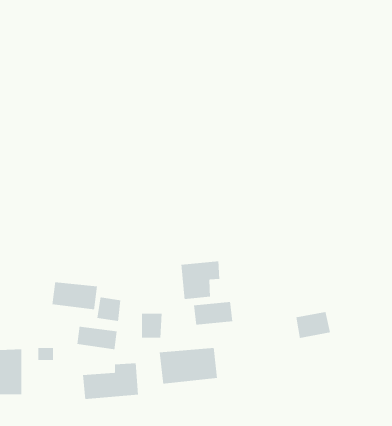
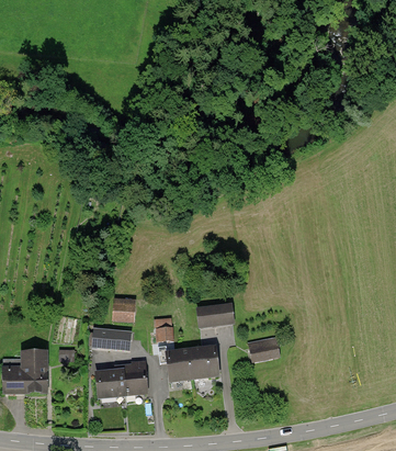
building: [181,261,220,300] -> none
building: [52,281,98,310] -> none
building: [296,311,331,339] -> [246,335,279,360]

